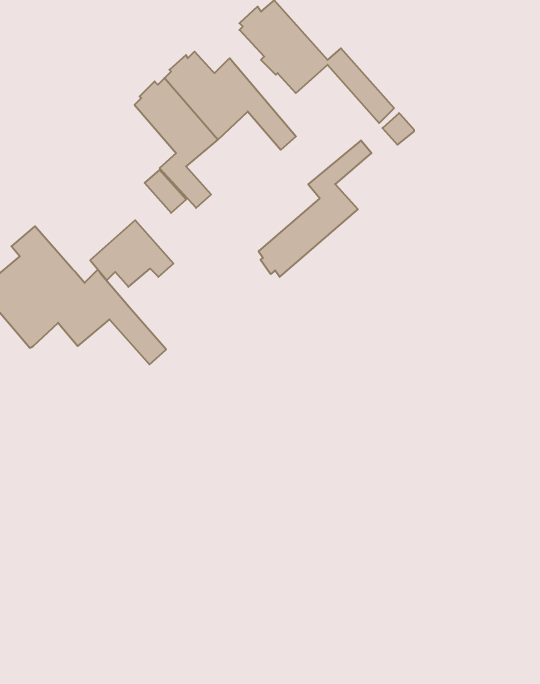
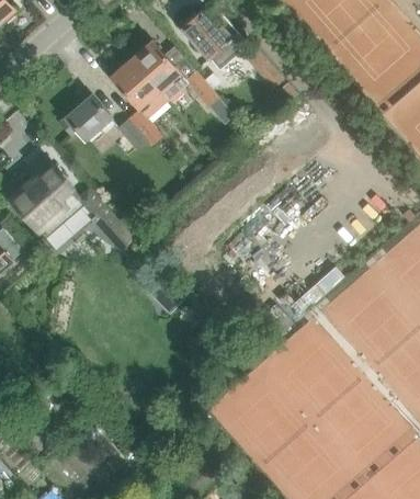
building: [259,140,371,277] -> none
building: [90,220,173,287] -> [60,95,115,139]

